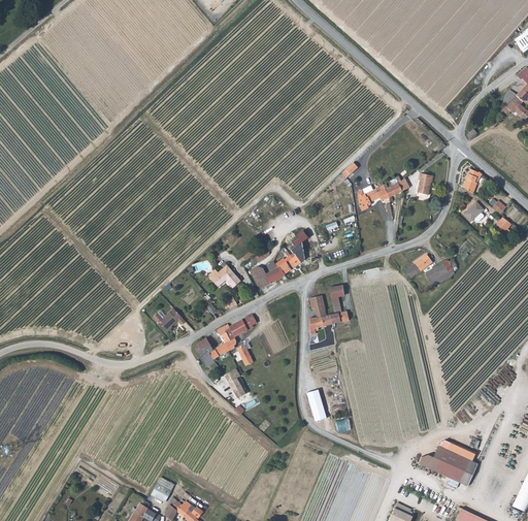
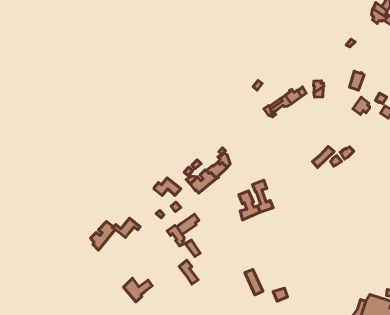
building: none -> [91,221,115,250]
building: [194,337,229,366] -> [123,278,152,302]

